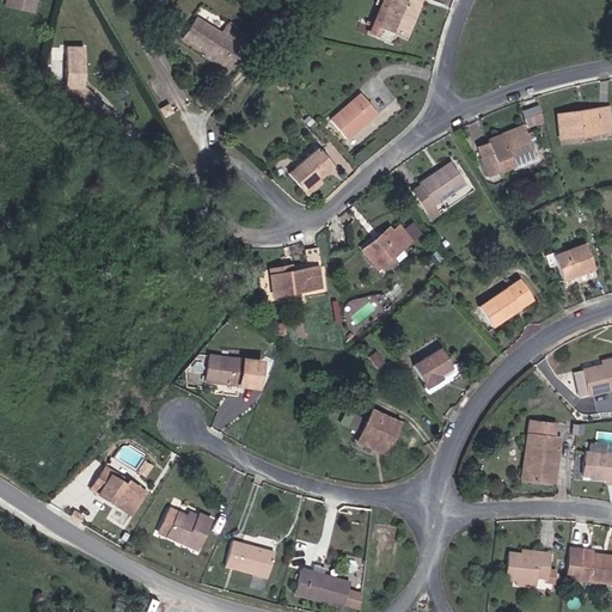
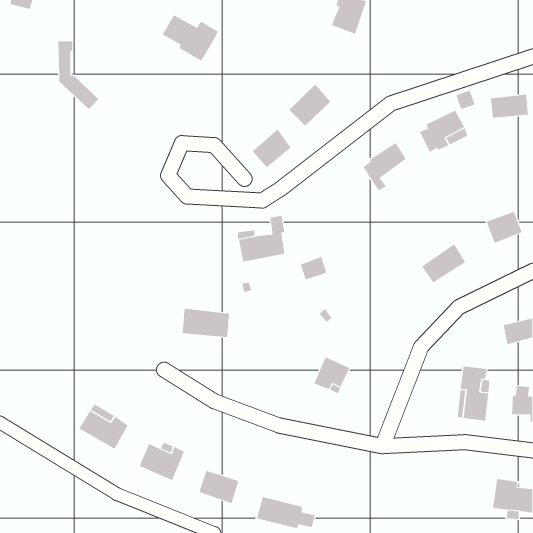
building: [362,224,412,269] -> none
building: [410,351,447,391] -> none
building: [503,556,547,587] -> none

